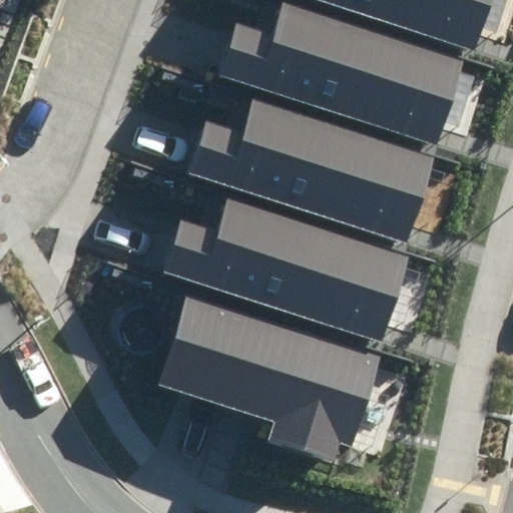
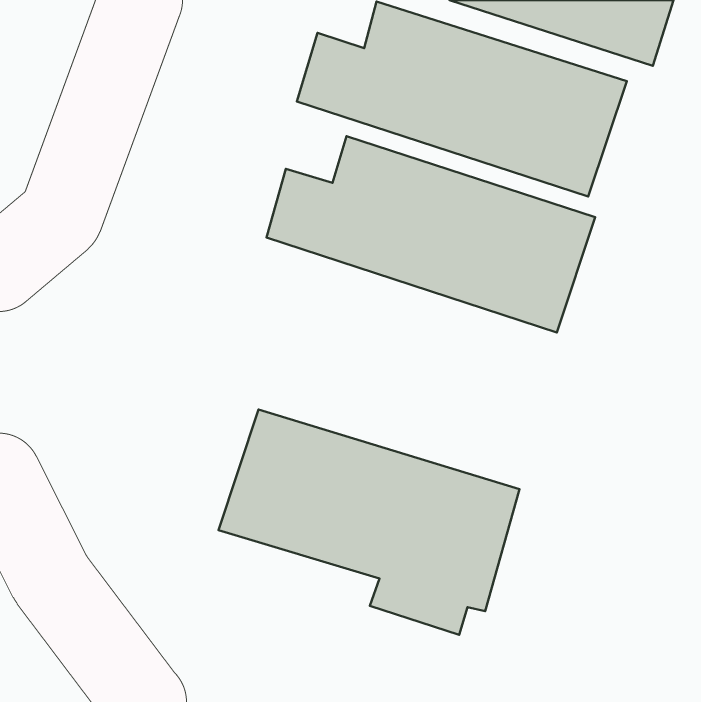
building: [158,194,410,341] -> none

